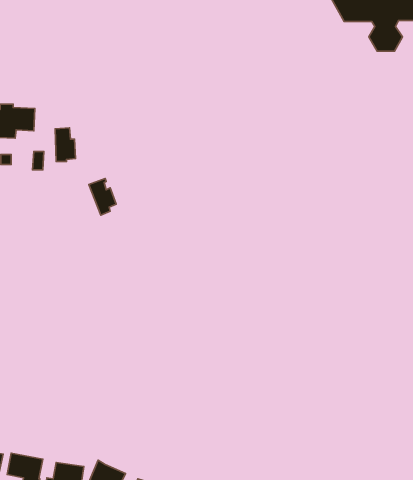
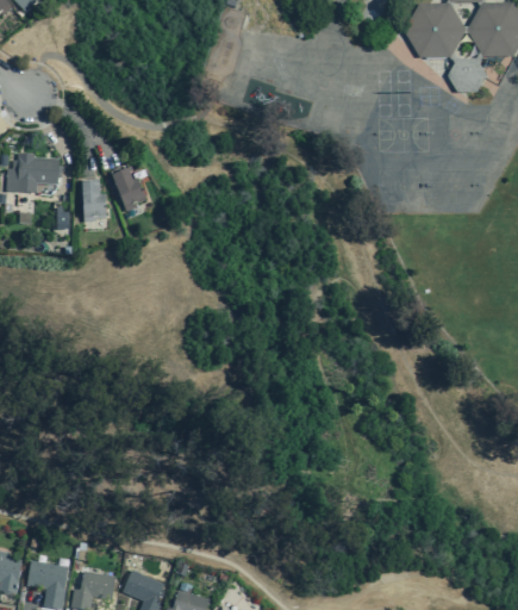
building: [89,178,116,215] -> [113,168,145,211]

